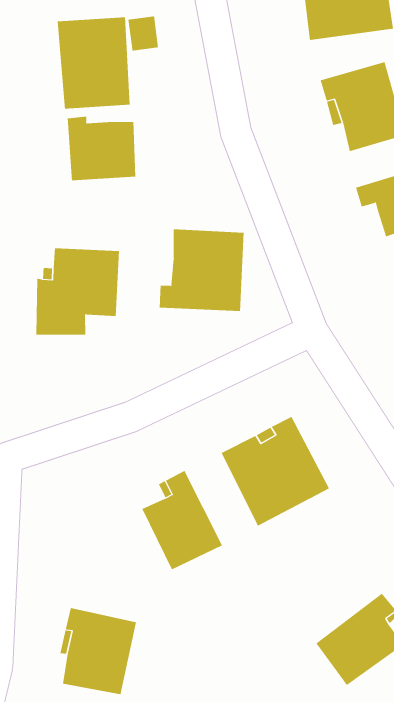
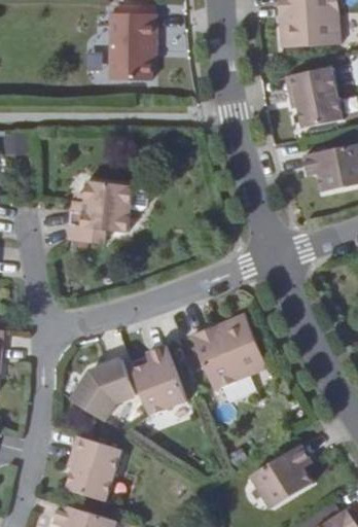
building: [67,116,136,181] -> none
building: [159,228,244,312] -> none
building: none -> [59,354,127,414]

